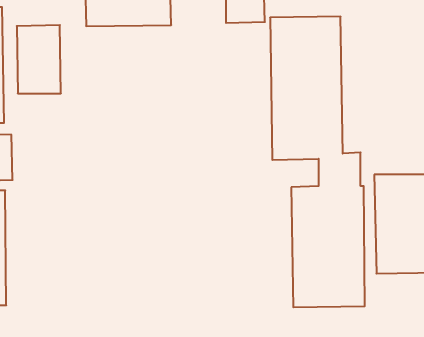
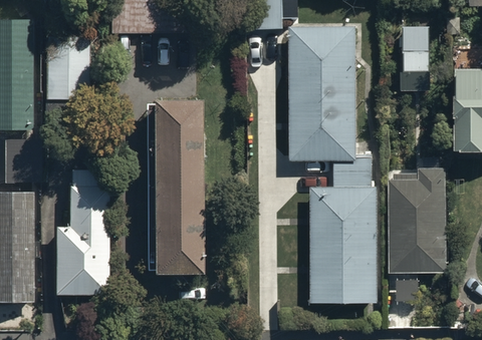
building: none -> [400,25,430,86]
building: none -> [151,95,199,267]
building: none -> [54,171,104,293]

